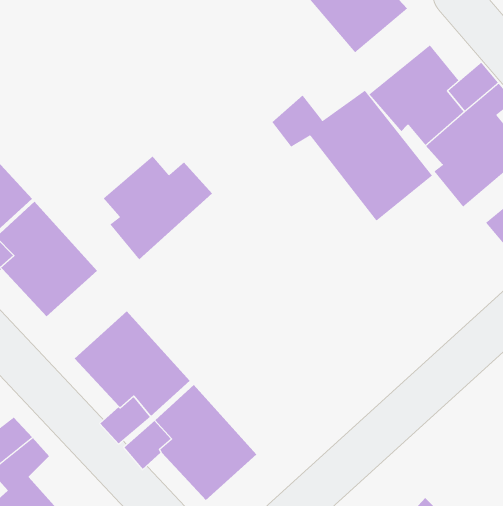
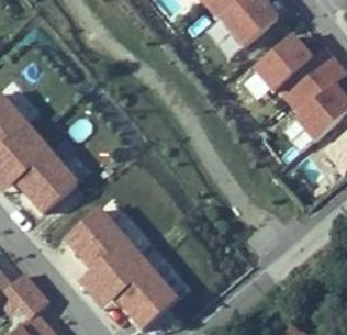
building: [271,90,433,221] -> none
building: [103,155,213,260] -> none

